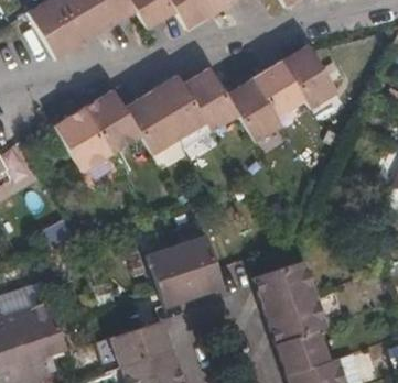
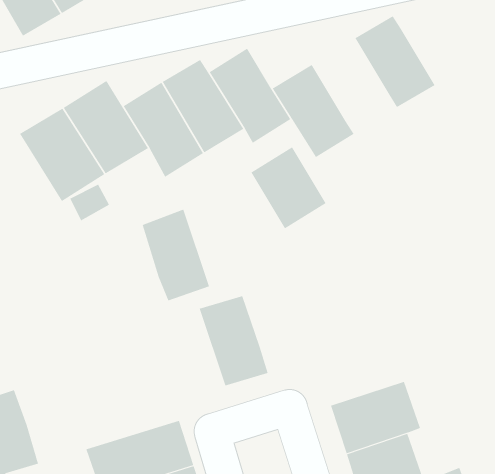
building: [252,61,304,117] -> [251,146,327,229]
building: [147,244,193,307] -> [142,209,210,301]
building: [252,260,315,310] -> none

